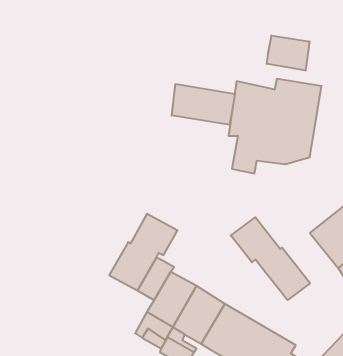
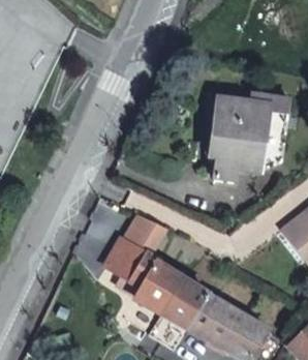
building: [267,35,309,71] -> none
building: [172,84,235,125] -> none
building: [231,217,310,300] -> none

